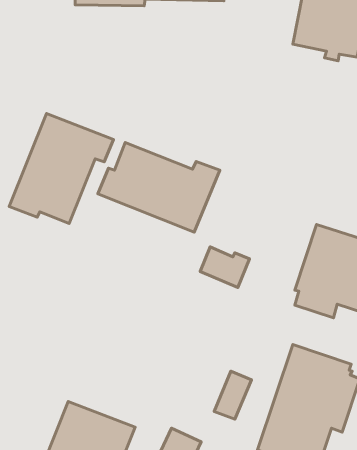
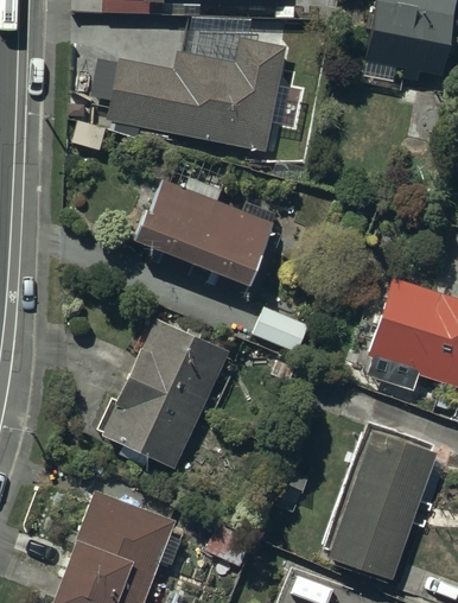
building: none -> [107,37,285,150]
building: [9,114,114,224] -> none
building: none -> [102,318,229,469]

